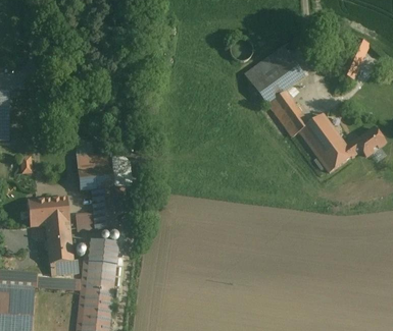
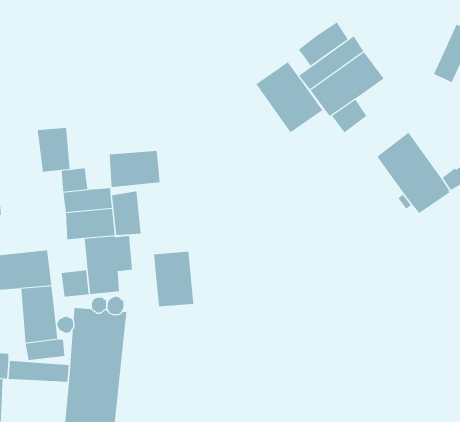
building: none -> [298,22,348,67]
building: none -> [255,61,323,133]
building: [275,102,307,136] -> none
building: none -> [37,127,70,173]
building: none -> [109,150,160,188]
building: none -> [153,251,194,307]

